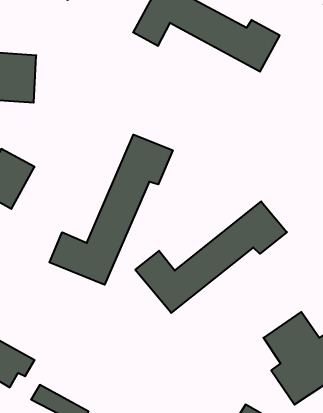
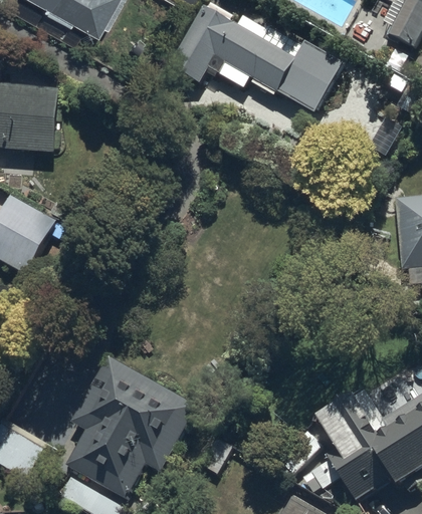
building: [49,135,173,285] -> none
building: [135,201,287,313] -> none
building: none -> [66,362,188,491]

